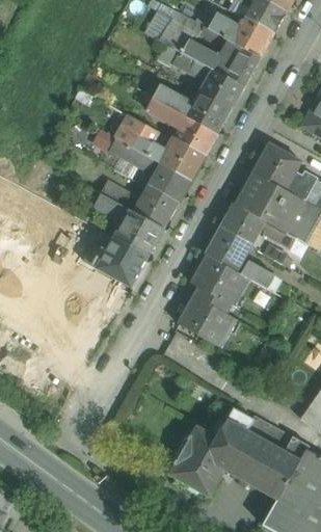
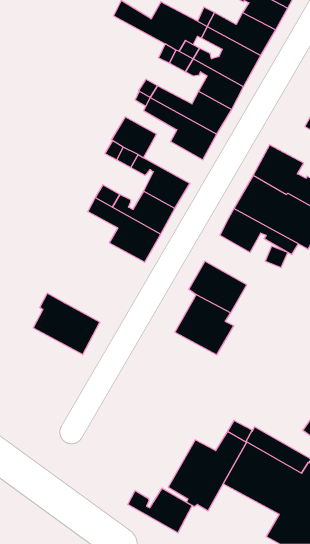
building: [146,139,204,180] -> none
building: [83,228,148,287] -> [33,293,100,355]
building: [206,230,273,289] -> none
building: none -> [128,488,192,533]

